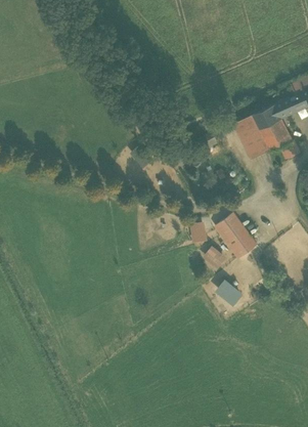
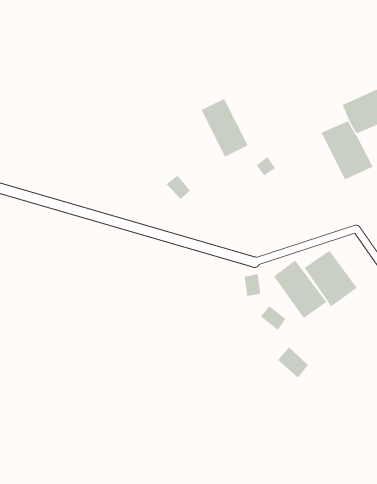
building: [233,115,270,161] -> [201,98,248,158]
building: none -> [304,250,357,307]

